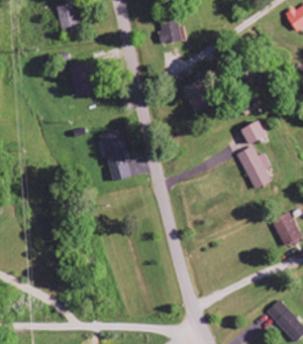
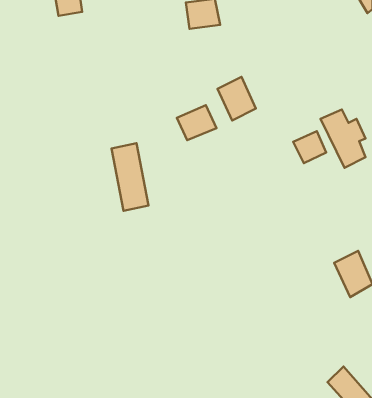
building: [71,63,94,95] -> none
building: none -> [177,105,217,140]
building: [236,145,271,190] -> [321,109,366,168]

